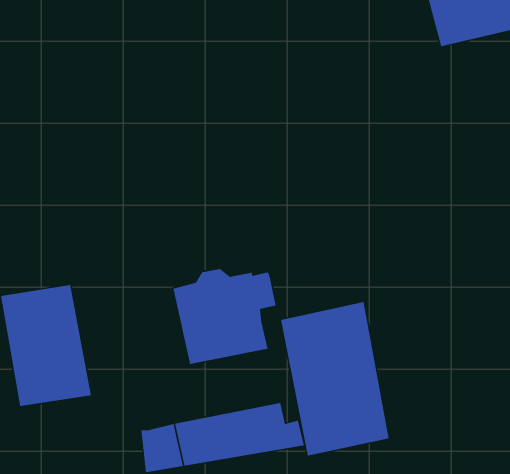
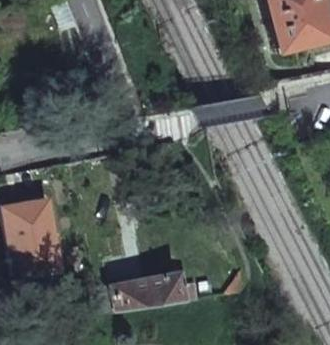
building: [172,268,277,365] -> none
building: [280,301,389,456] -> none

